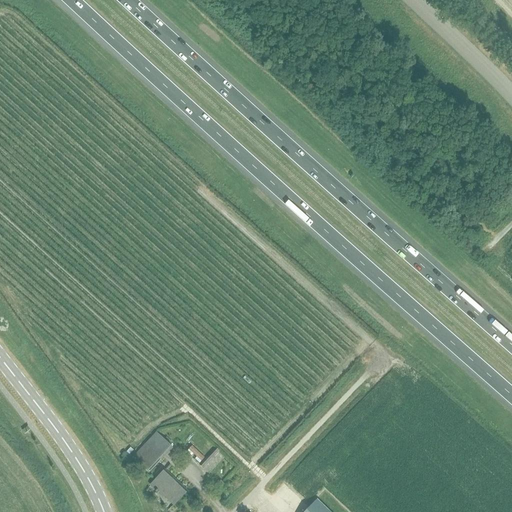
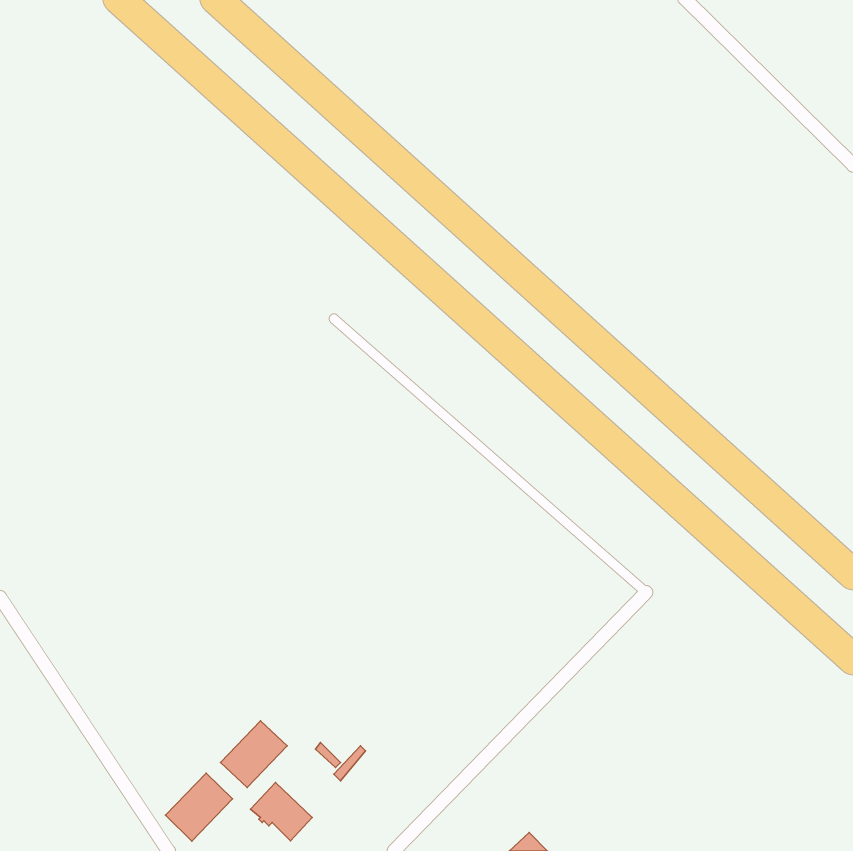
building: none -> [166,773,232,841]

